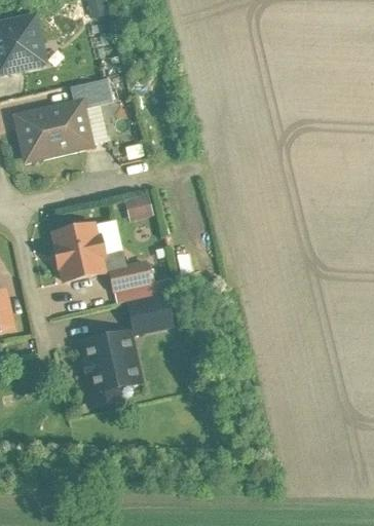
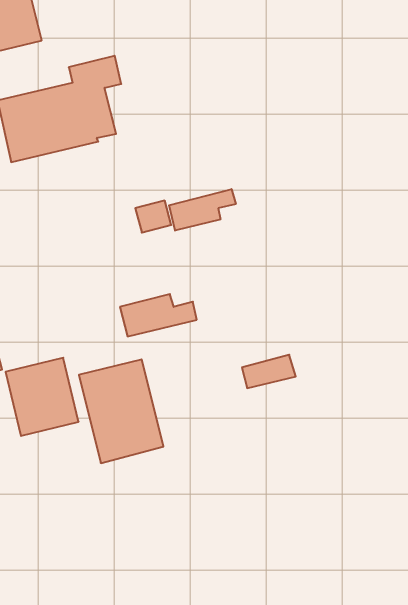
building: none -> [169,189,236,231]
building: [49,220,108,283] -> [6,358,79,436]
building: [130,308,174,335] -> [242,355,296,388]

